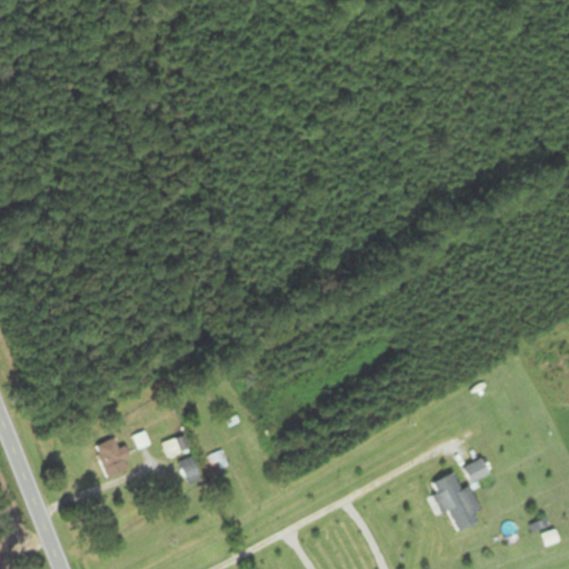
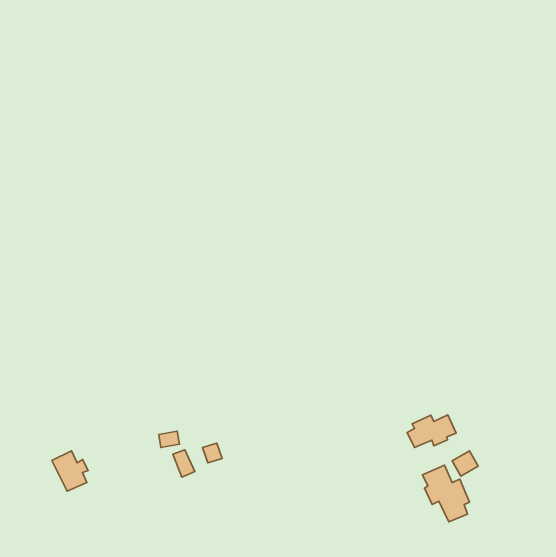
building: none -> [407,415,456,448]
building: [93,437,130,478] -> [52,451,88,491]

